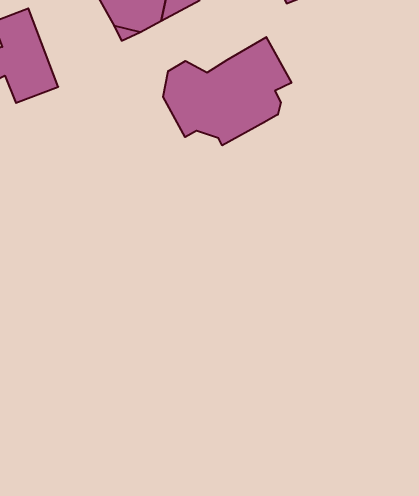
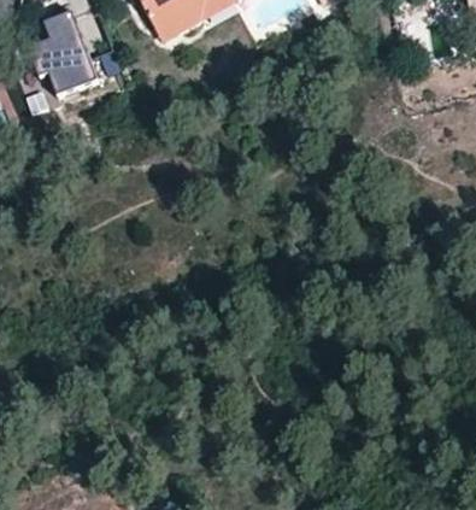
building: [163,37,291,145] -> none

